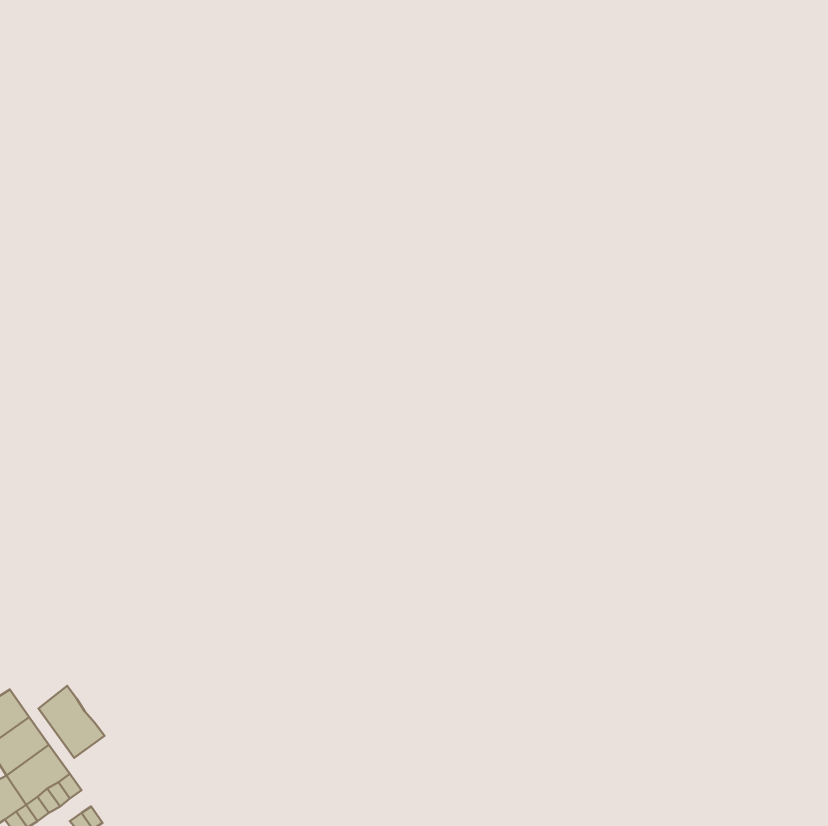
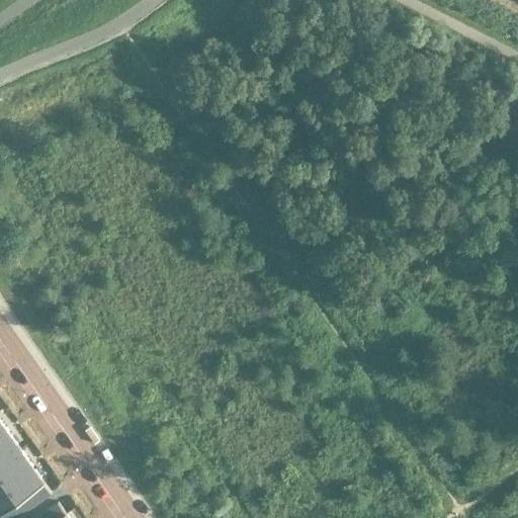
building: [39,686,104,758] -> none

